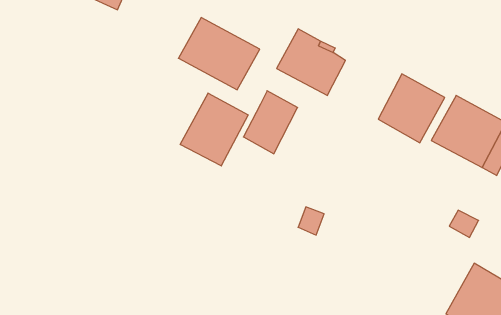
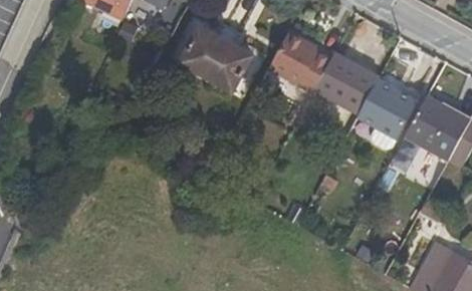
building: [243,91,298,154] -> [311,51,360,107]
building: [180,93,248,166] -> none

